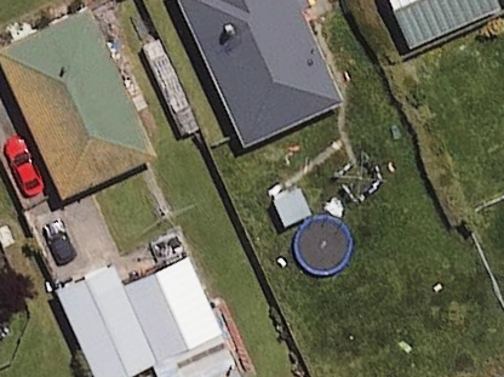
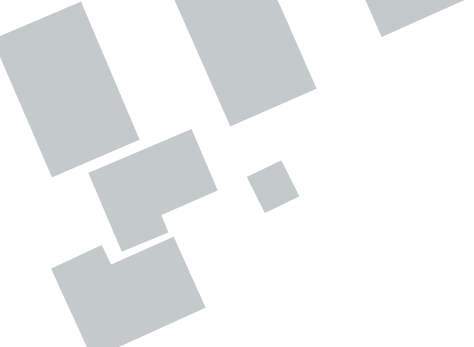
building: none -> [88,128,219,253]

